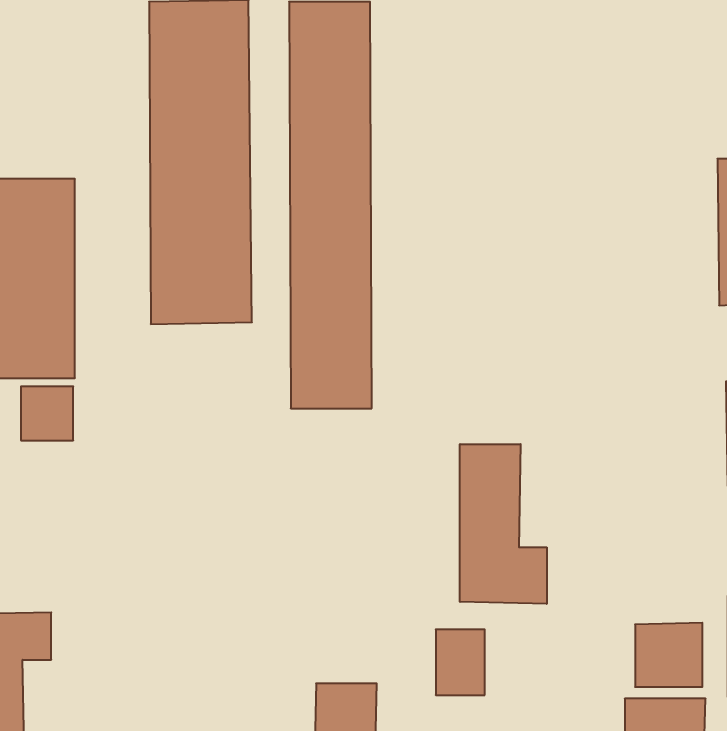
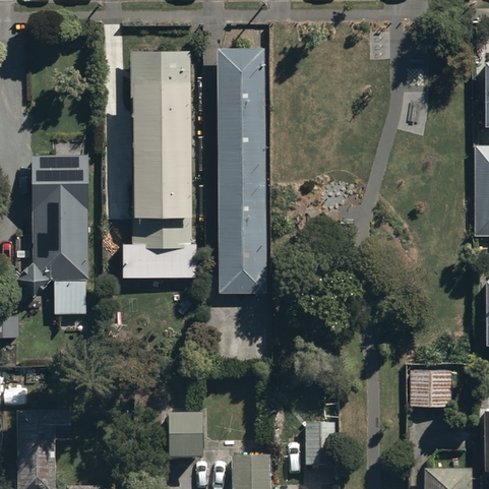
building: none -> [123,242,194,276]
building: [460,444,547,604] -> none
building: none -> [168,418,202,461]
building: [635,623,702,687] -> [409,369,449,408]

